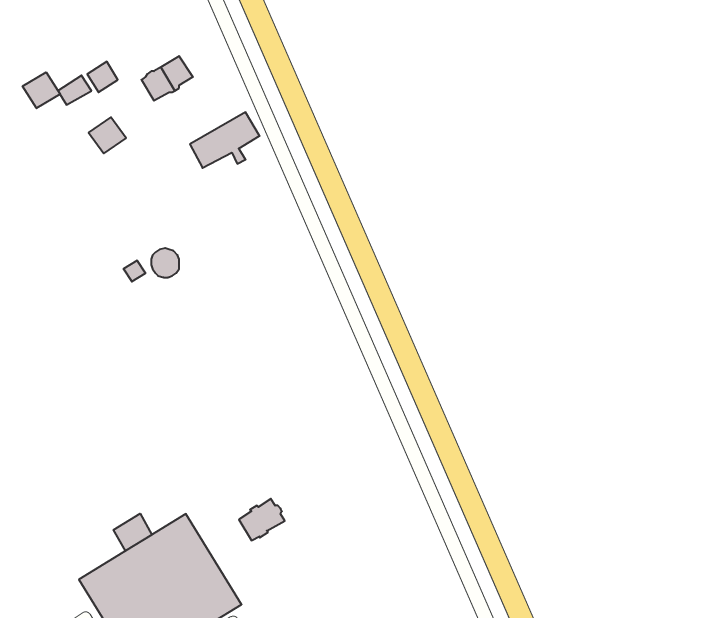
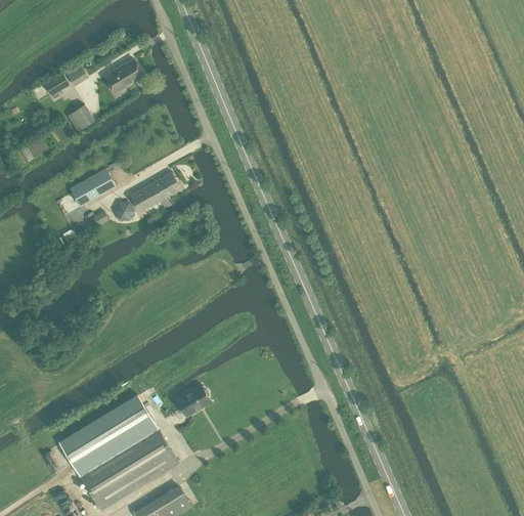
building: [23,72,60,108] -> none
building: [190,112,260,168] -> [129,171,180,212]
building: none -> [69,168,114,206]
building: [114,514,152,551] -> none

